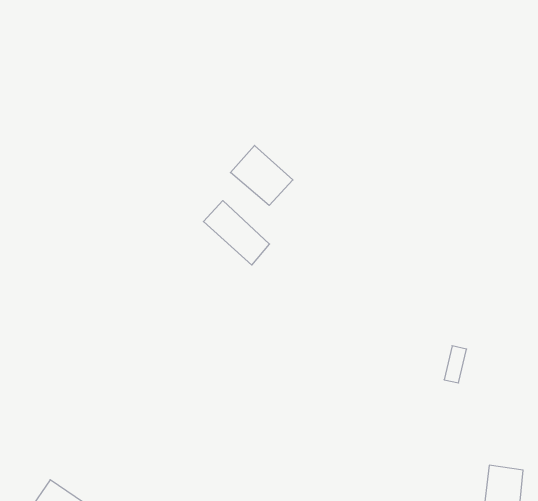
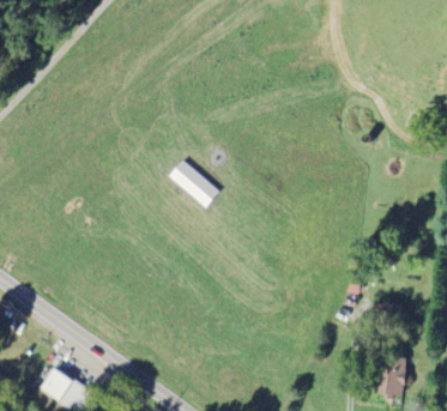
building: [230,145,293,205] -> none

